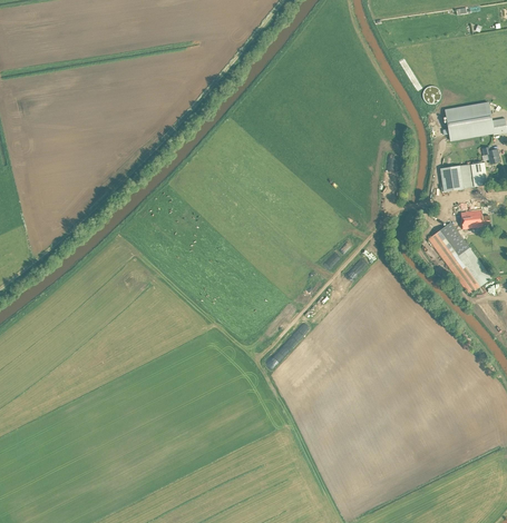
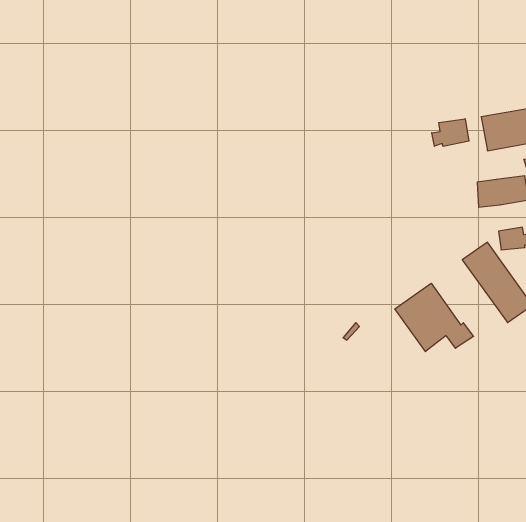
building: none -> [432,119,469,146]
building: none -> [395,283,474,352]

